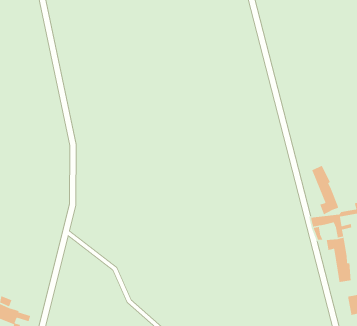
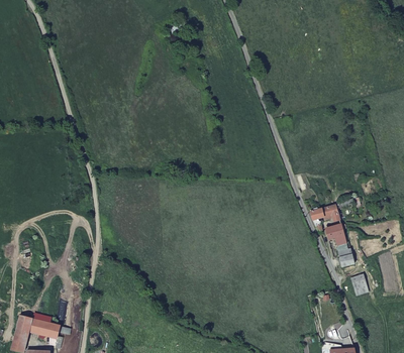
building: [311,165,339,216] -> none

